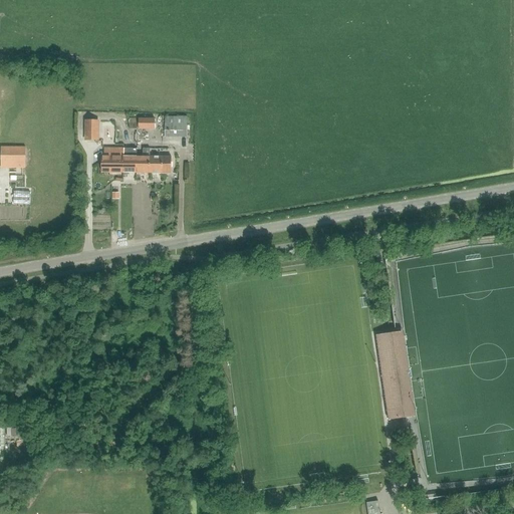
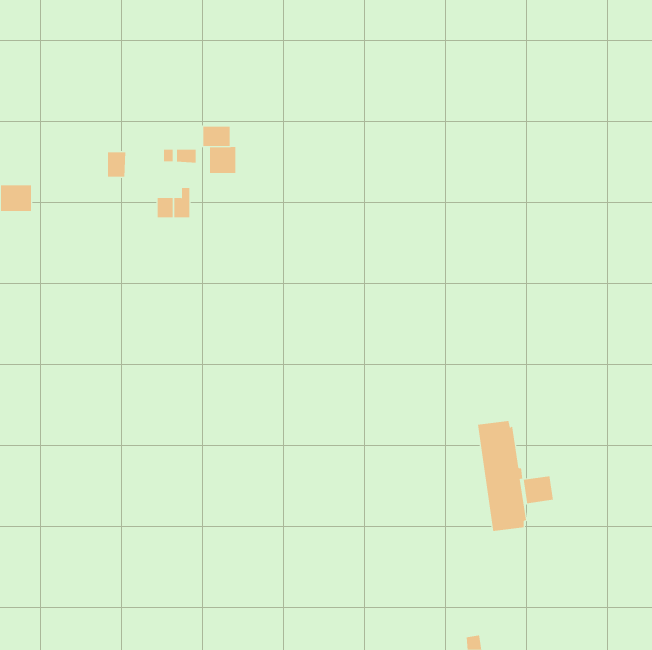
building: [101,147,123,172] -> none
building: [150,156,172,172] -> [202,126,230,147]
building: none -> [523,475,553,504]

